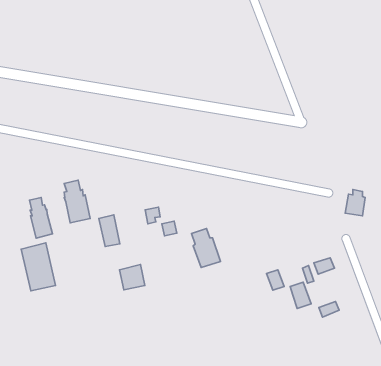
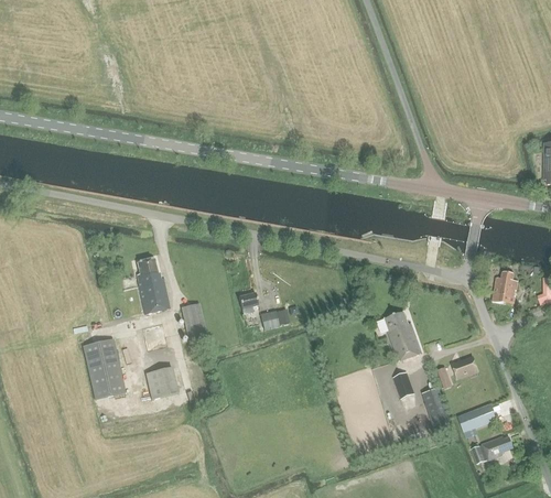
building: [29,197,53,238] -> none
building: [192,228,220,268] -> [385,310,421,359]
building: [120,265,145,290] -> [145,366,177,398]
building: none -> [471,435,512,464]

